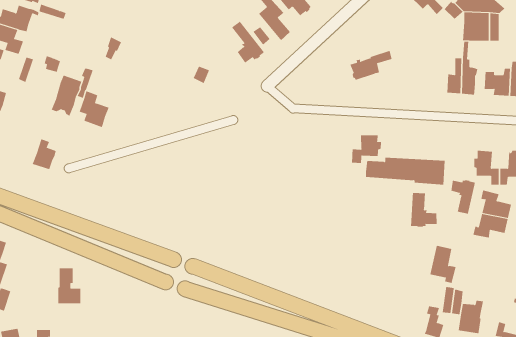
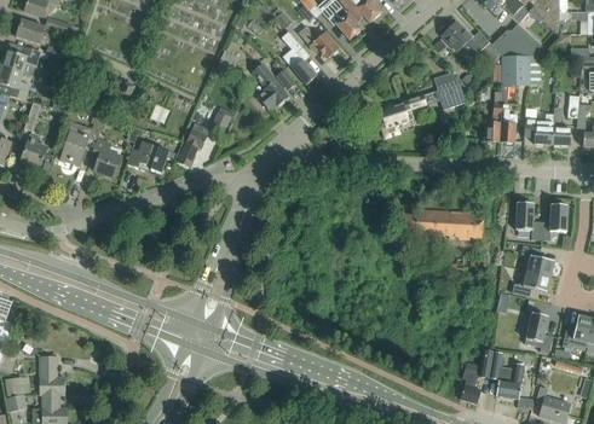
building: none -> [437,82,466,109]
building: none -> [178,122,211,167]
building: none -> [127,140,175,173]
building: [351,135,382,164] -> none
building: [32,138,57,170] -> [21,133,47,167]
building: [451,179,476,214] -> none
building: [410,192,437,227] -> none
building: [430,245,457,284] -> [524,312,553,353]
building: [58,268,81,304] -> [40,355,65,394]

